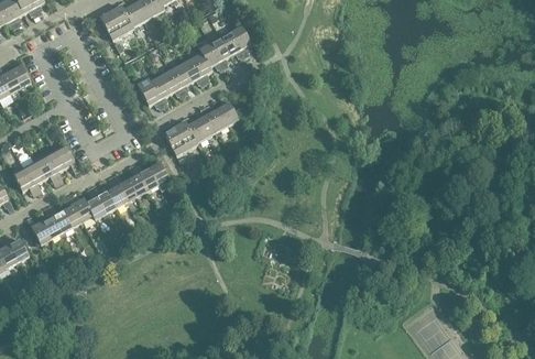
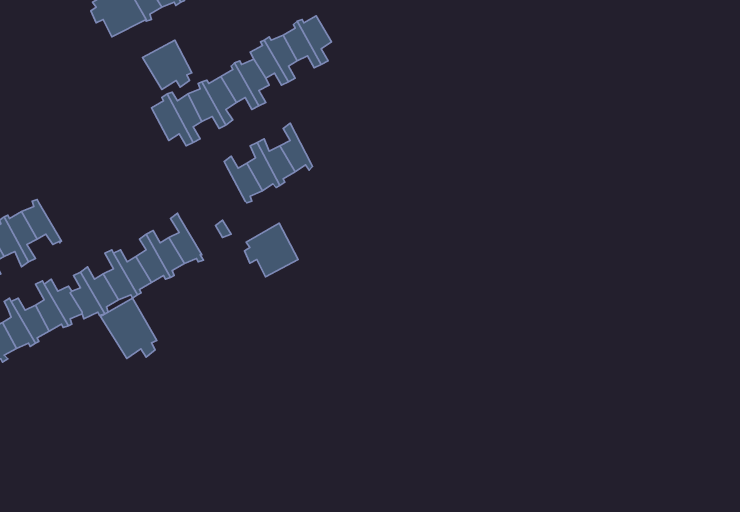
building: none -> [143,40,192,90]
building: [162,121,196,155] -> [245,223,298,277]
building: none -> [100,298,157,359]

